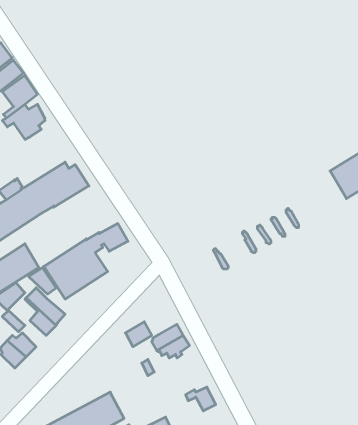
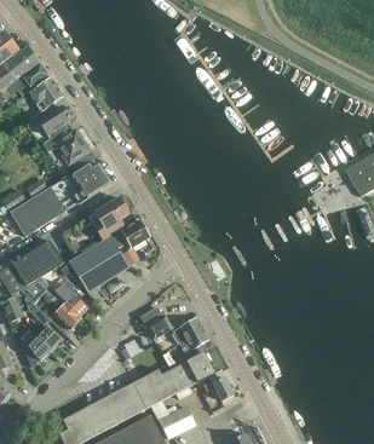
building: none -> [46,128,91,163]
building: none -> [90,196,130,238]
building: none -> [133,350,215,406]

